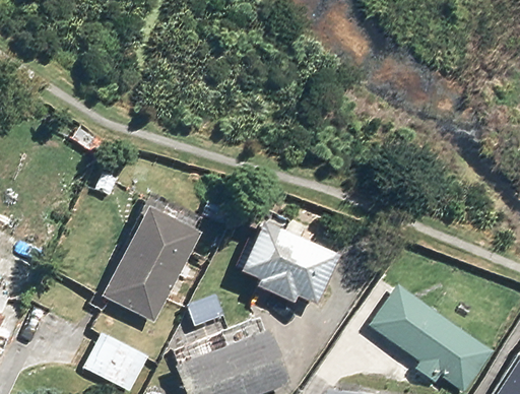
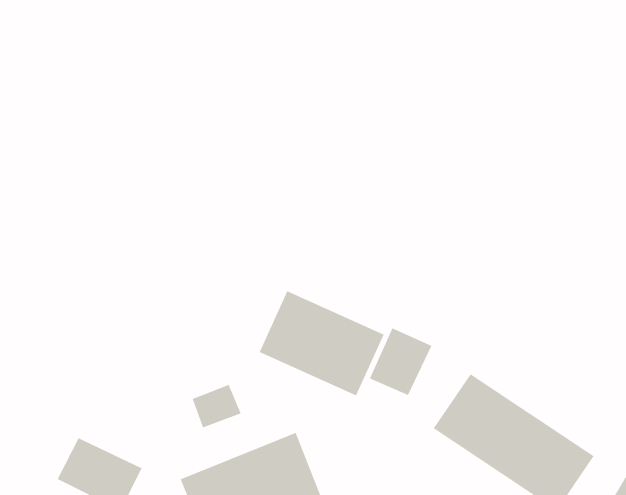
building: [100,207,199,322] -> none
building: none -> [369,328,432,396]

